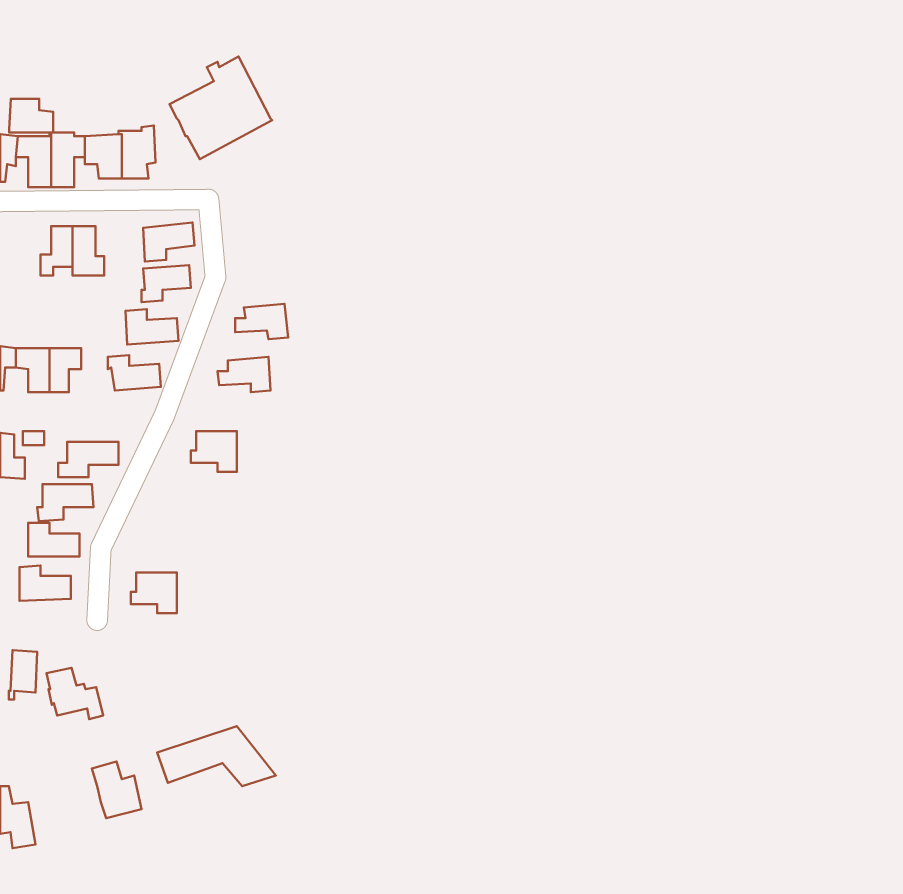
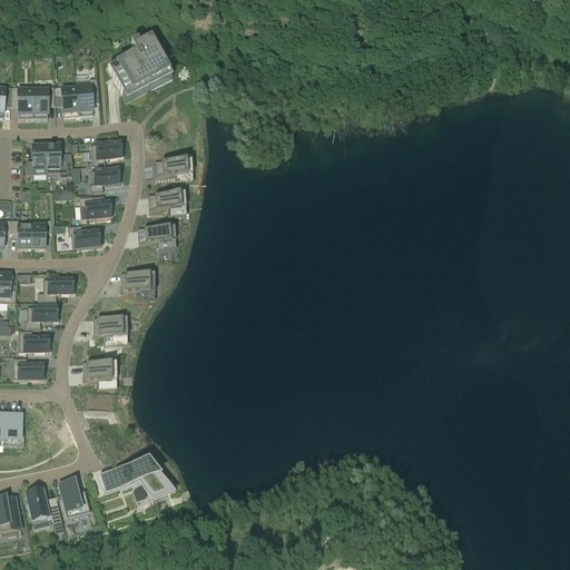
building: [9,99,53,133] -> none
building: none -> [155,158,188,180]
building: none -> [92,316,122,342]
building: [47,668,103,719] -> [26,489,61,521]

